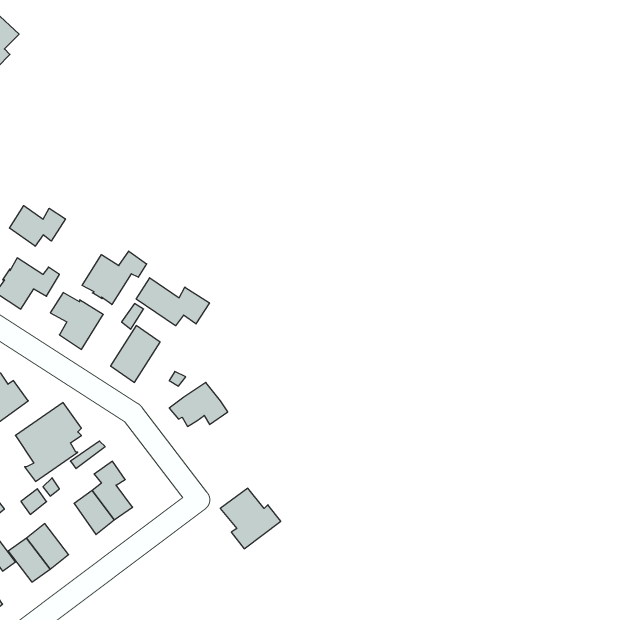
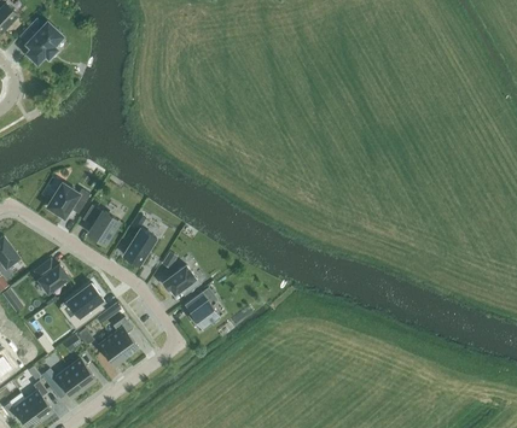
building: [9,206,65,246] -> none
building: [82,251,147,305] -> none
building: [136,278,209,326] -> none
building: [220,488,281,549] -> [184,292,223,332]

